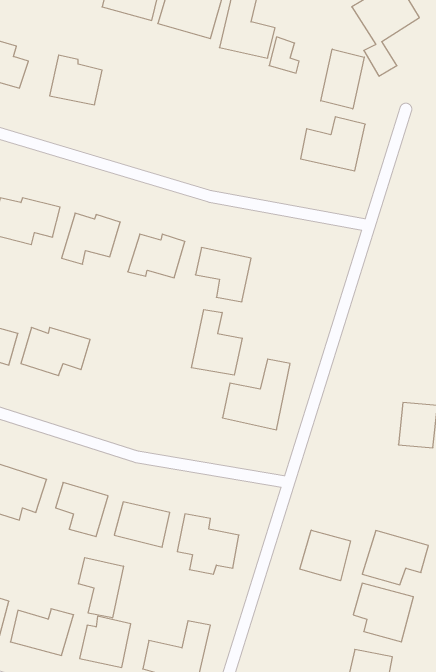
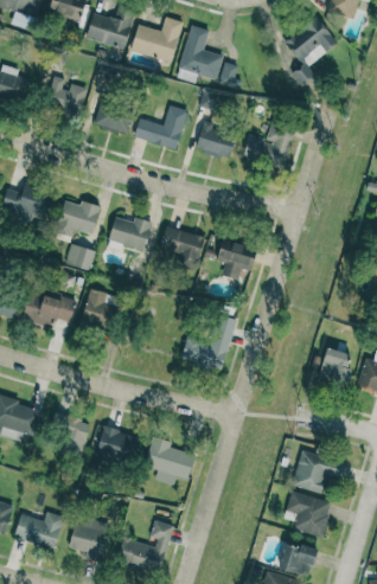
building: [321,49,364,109] -> none
building: none -> [95,103,134,134]
building: none -> [134,105,187,149]
building: none -> [196,121,236,159]
building: none -> [216,237,257,281]
building: none -> [65,244,96,270]
building: [191,310,242,375] -> none
building: none -> [81,289,117,330]
building: [300,530,350,581] -> none
building: [78,558,123,618] -> none

